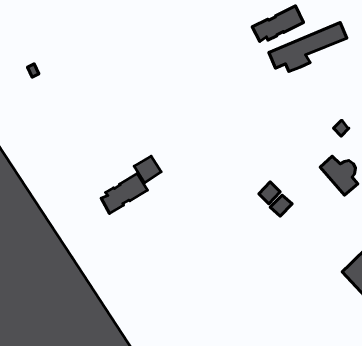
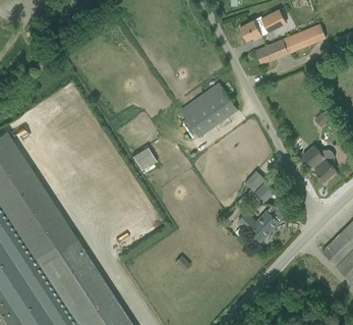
building: none -> [181,85,237,139]
building: [101,174,148,214] -> none
building: none -> [238,205,285,242]

